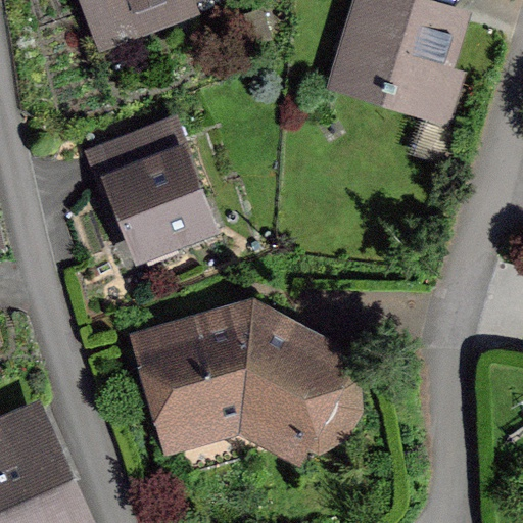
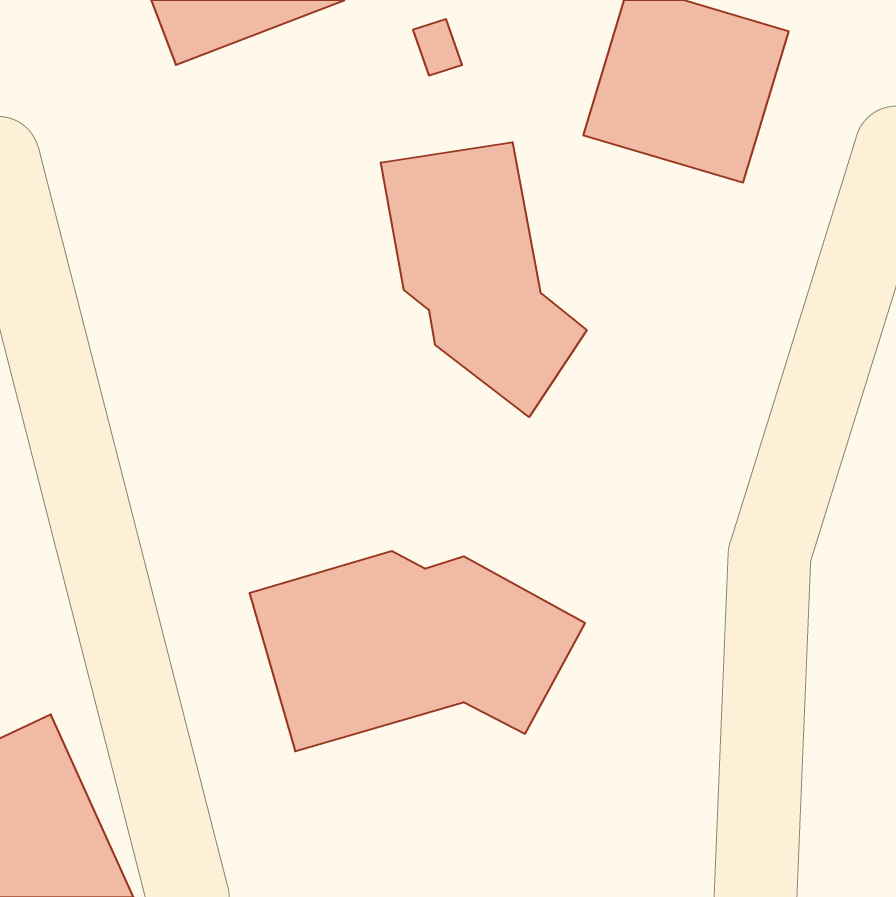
building: none -> [381,142,587,417]
building: [89,136,207,254] -> none

